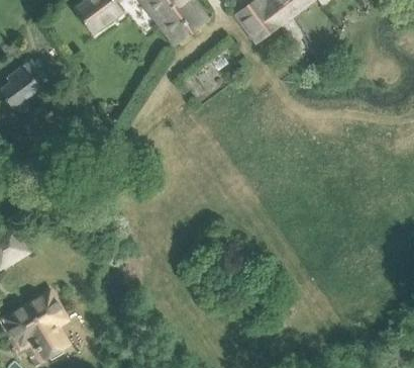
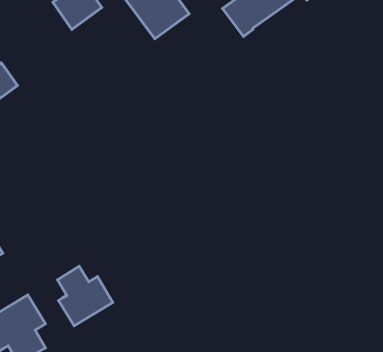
building: none -> [57,266,113,326]

